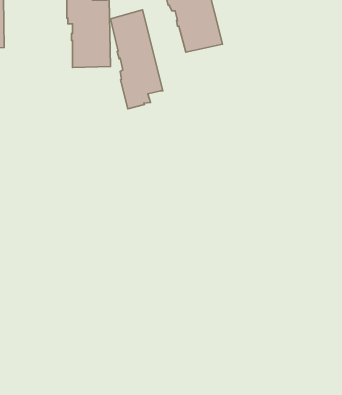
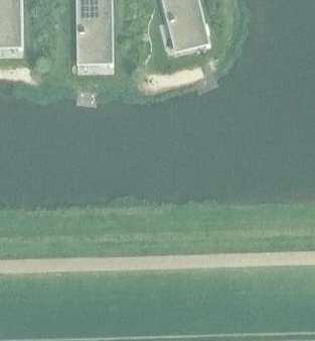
building: [111,10,163,109] -> none

